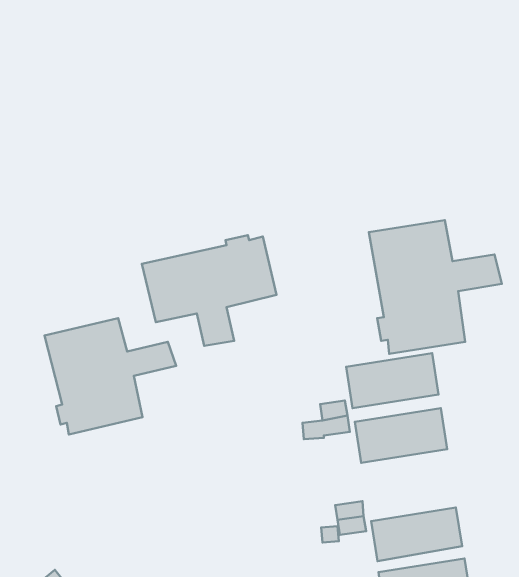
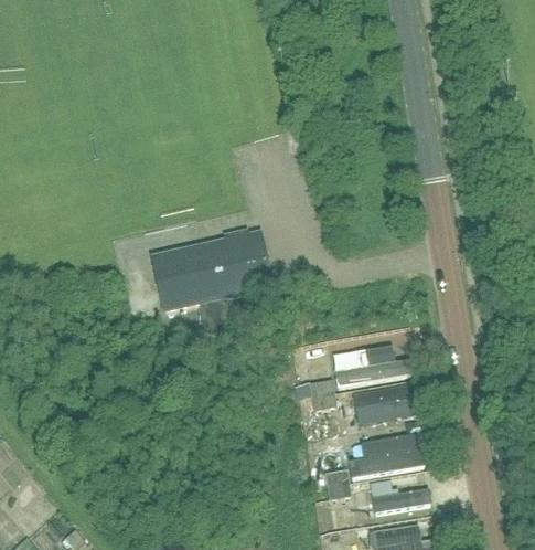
building: [369,220,502,354] -> none
building: [45,318,176,434] -> none
building: none -> [346,430,428,478]

